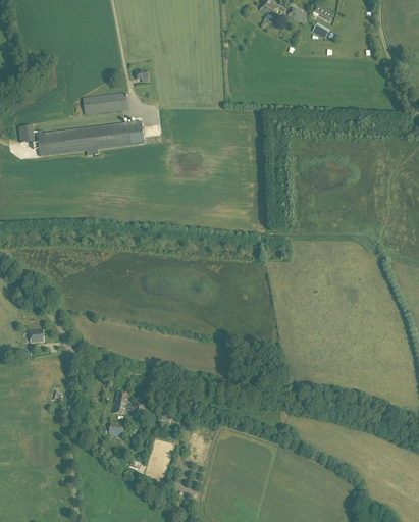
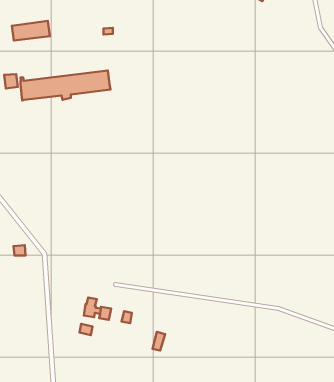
building: [82,91,126,114] -> [12,21,50,40]

